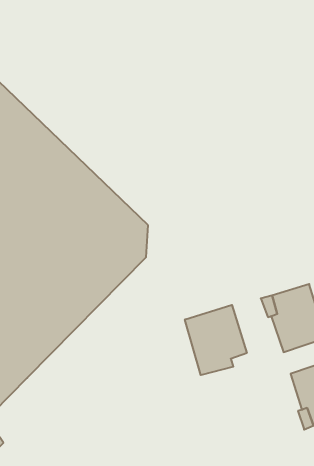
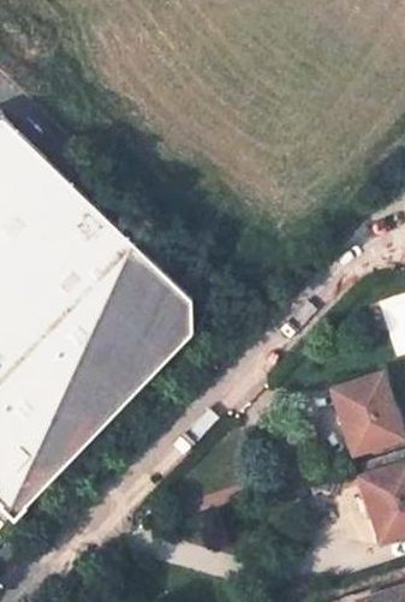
building: [185,305,247,375] -> none

